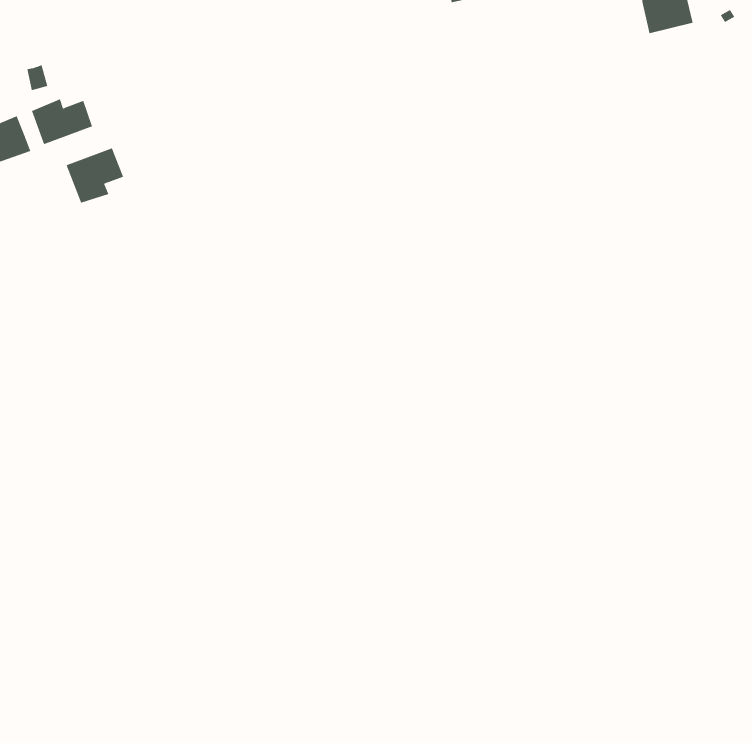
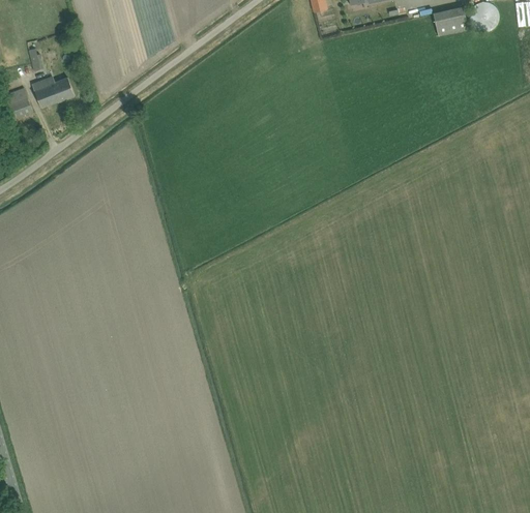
building: [66,147,124,204] -> none

